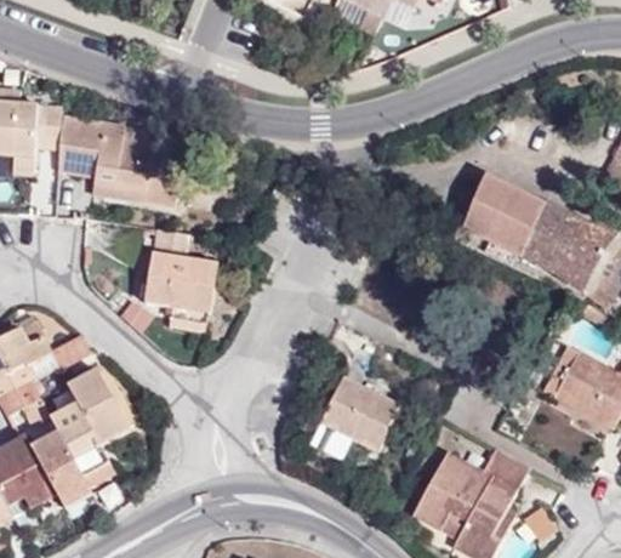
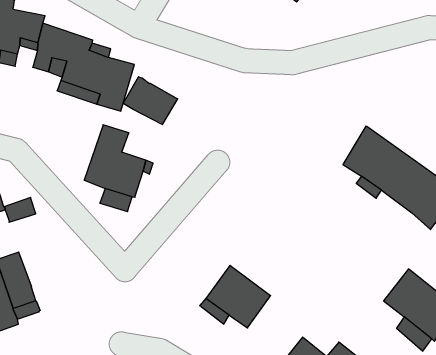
building: none -> [123,77,178,125]
building: [67,368,127,443] -> none

